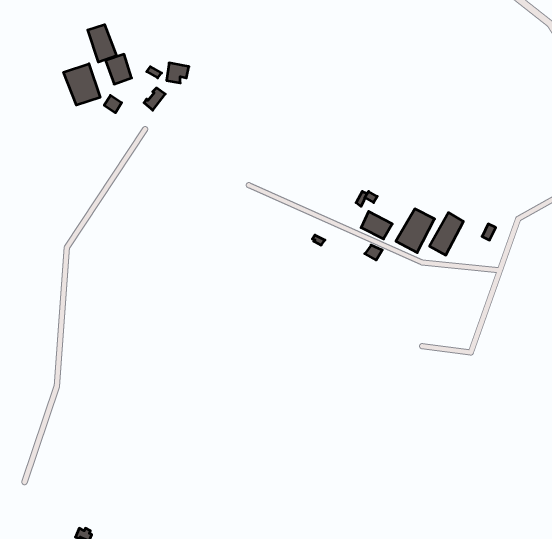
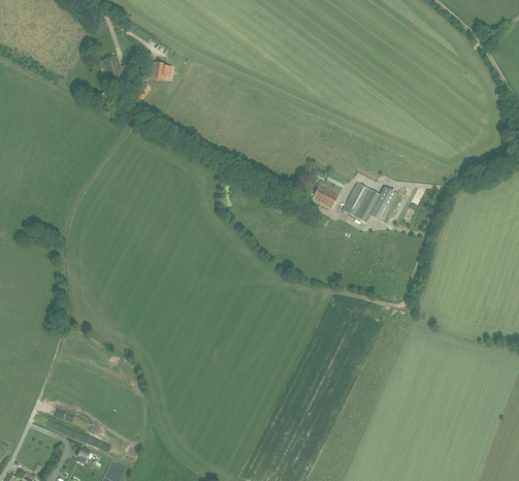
building: [88,25,116,62] -> none
building: [64,64,100,105] -> none

